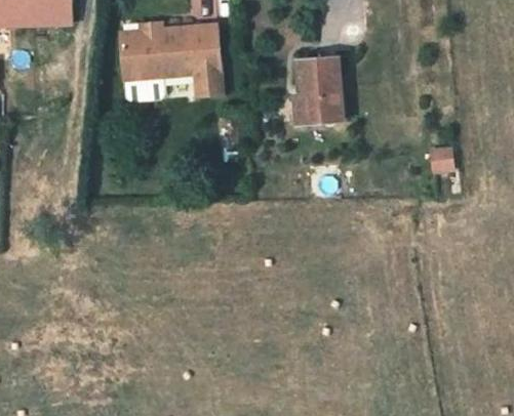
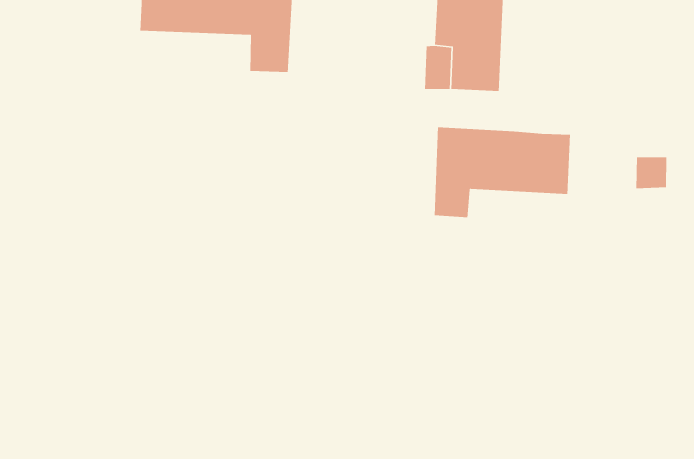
building: none -> [434,126,571,218]

